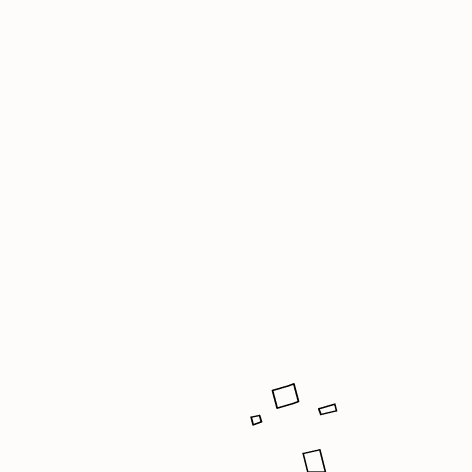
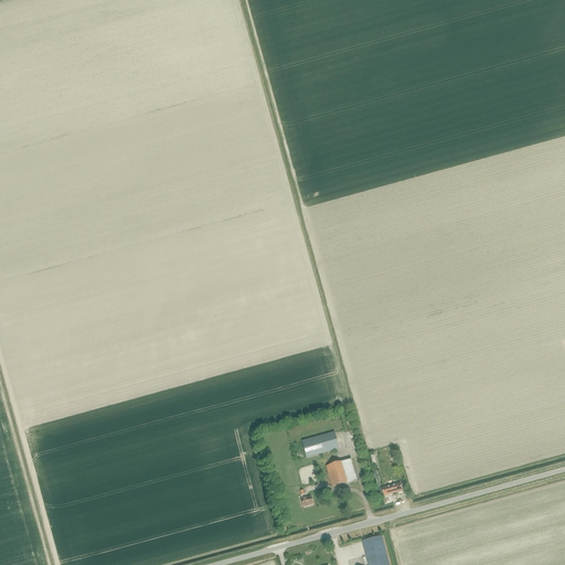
building: none -> [300,430,338,456]

